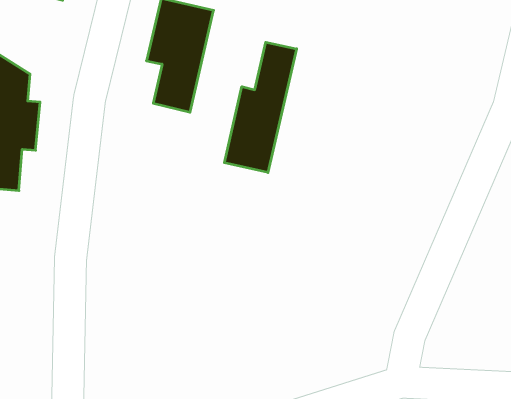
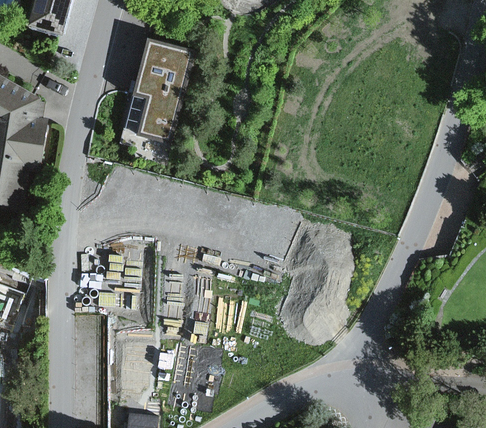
building: [224,42,297,173] -> none

